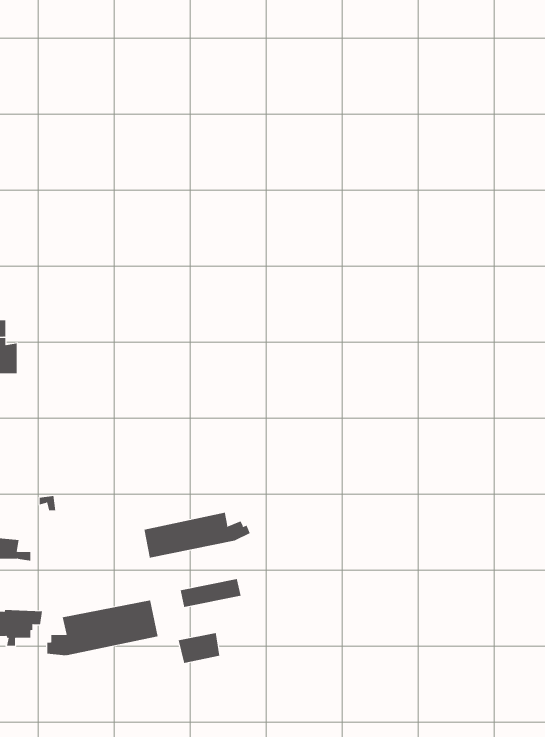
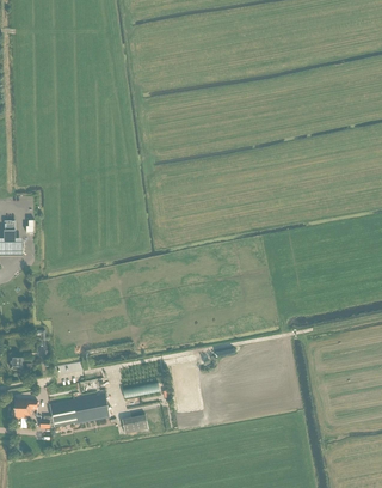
building: [144,512,251,558] -> none

